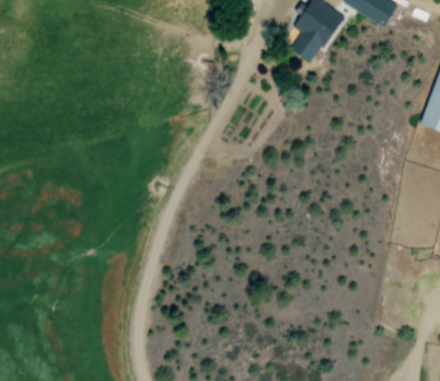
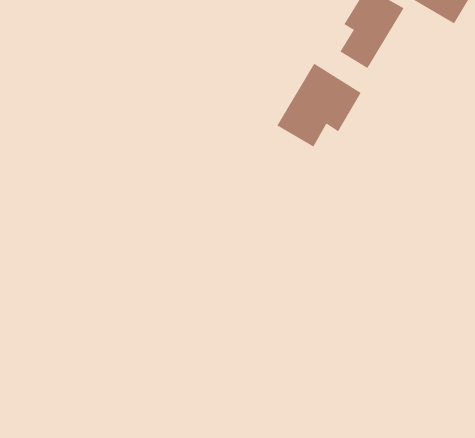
building: none -> [276,63,362,148]

